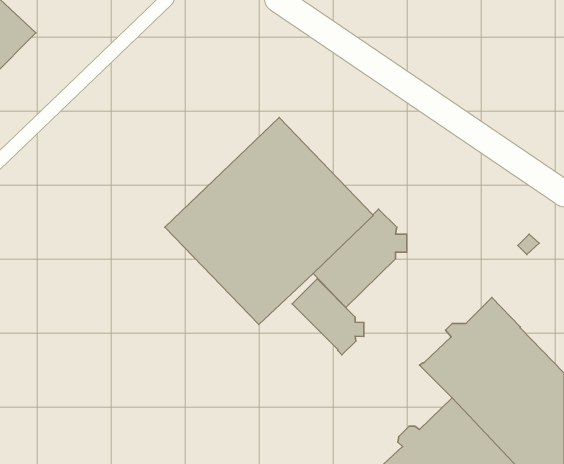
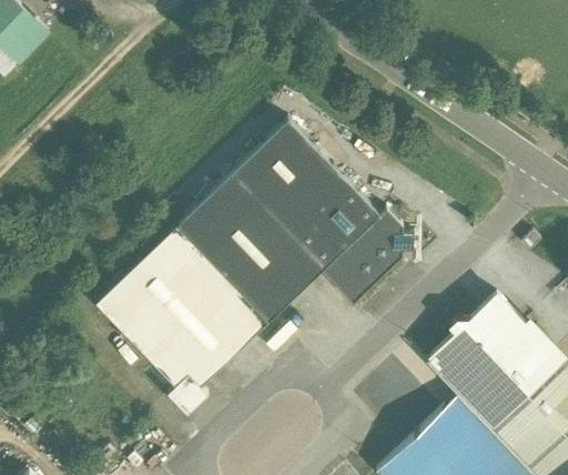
building: none -> [95,226,267,415]
building: [292,279,364,355] -> none

